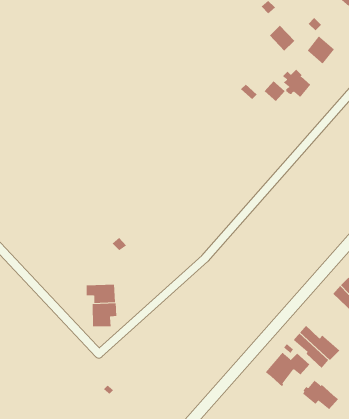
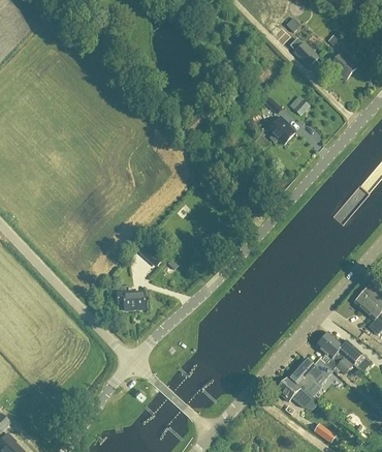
building: [282,69,311,98] -> [267,117,295,145]
building: [92,303,117,327] -> none
building: [303,380,339,410] -> [277,376,312,405]

